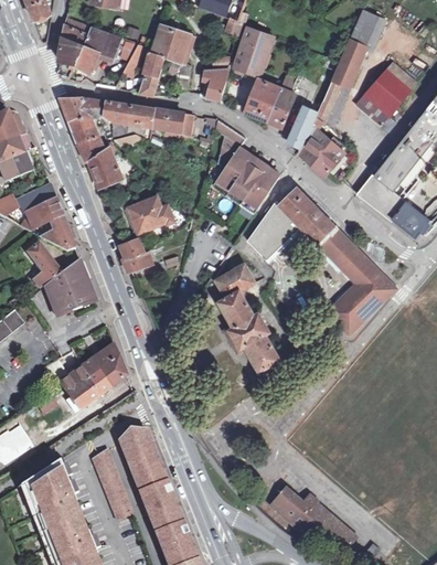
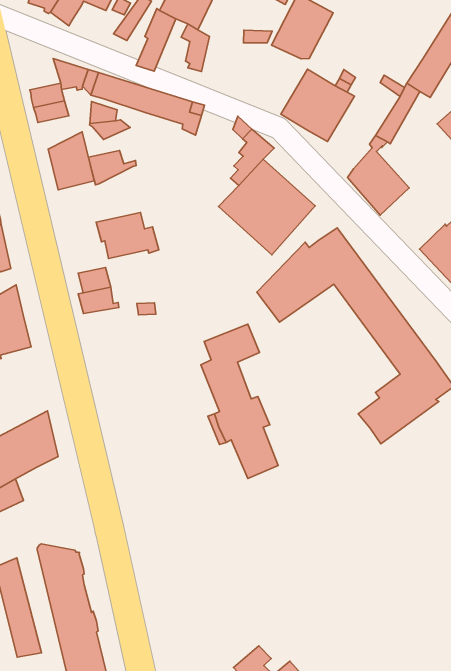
building: [202,68,230,99] -> none
building: [61,96,90,120] -> none
building: [289,105,319,143] -> none
building: [78,135,113,161] -> [88,150,136,185]

